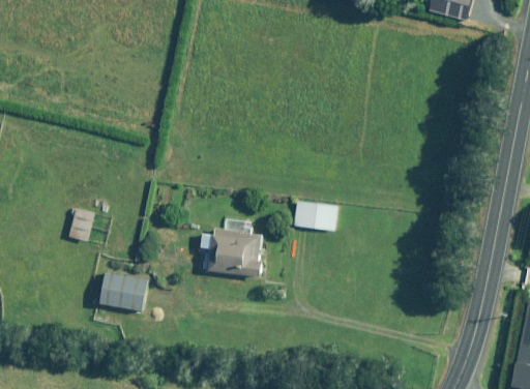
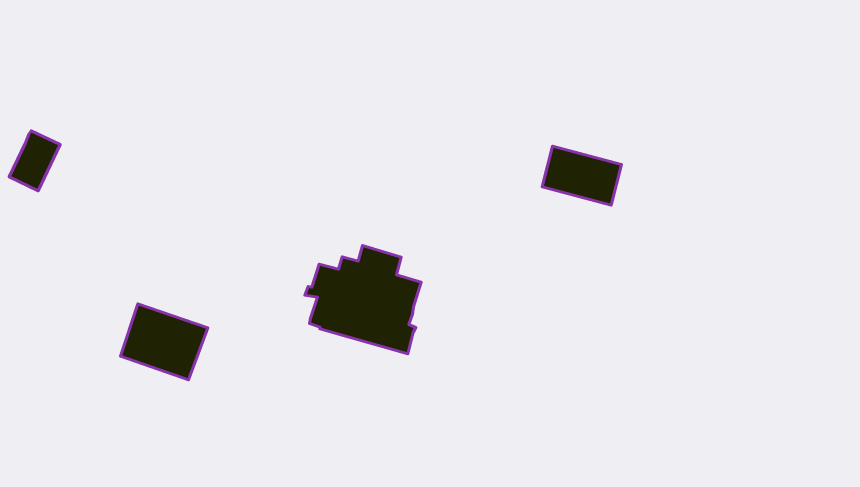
building: [294,202,336,230] -> [542,146,621,205]
building: [68,208,94,241] -> [9,131,60,191]

